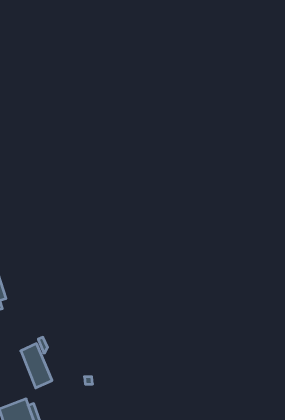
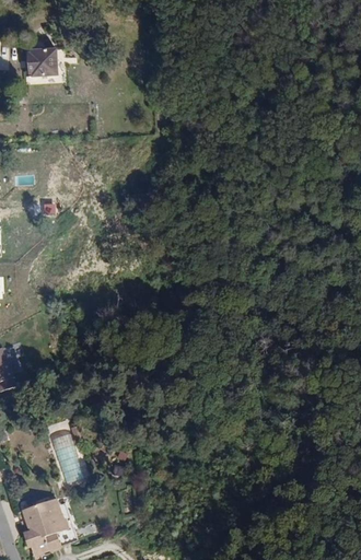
building: none -> [31,47,59,77]

